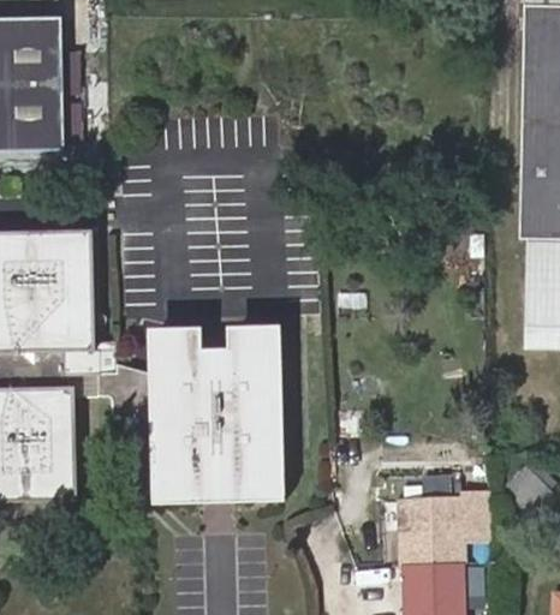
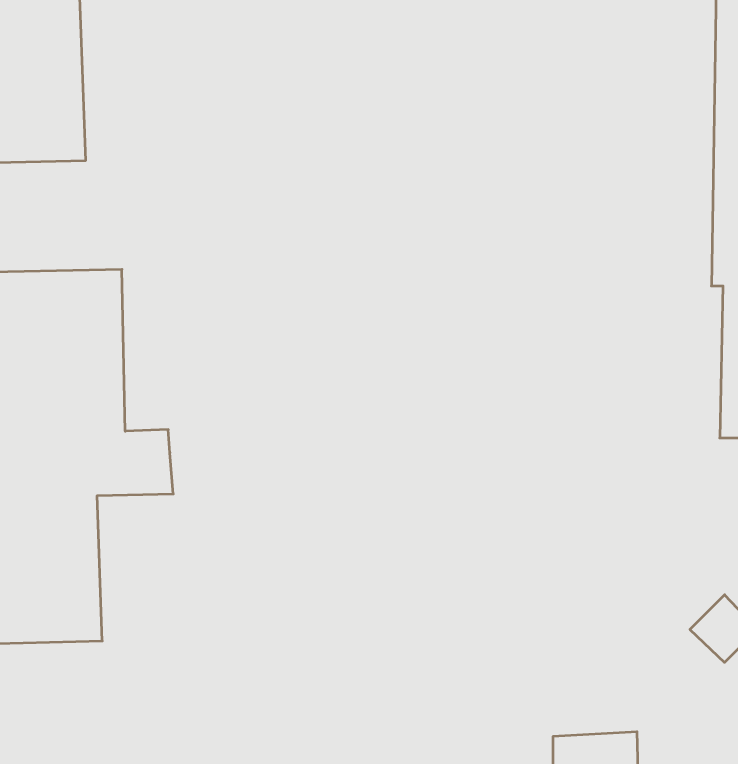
building: [125,333,284,496] -> none
building: [401,496,489,568] -> none

